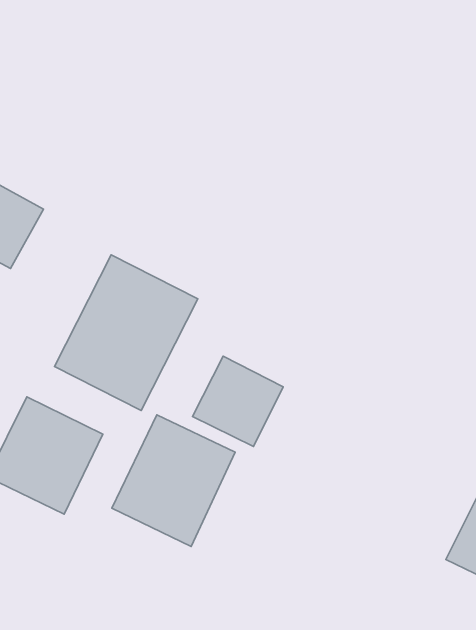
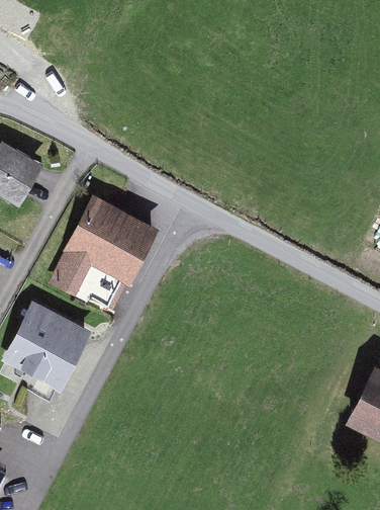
building: [192,356,283,446] -> none
building: [112,415,235,546] -> none

